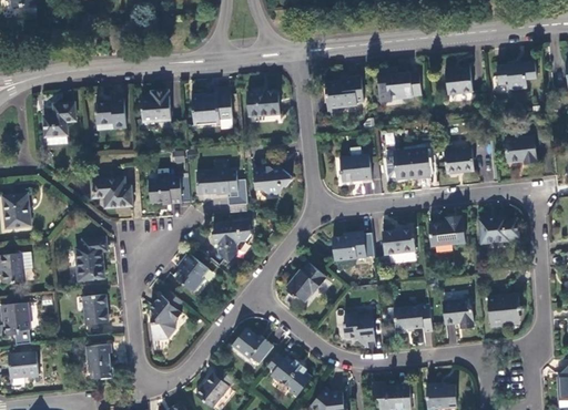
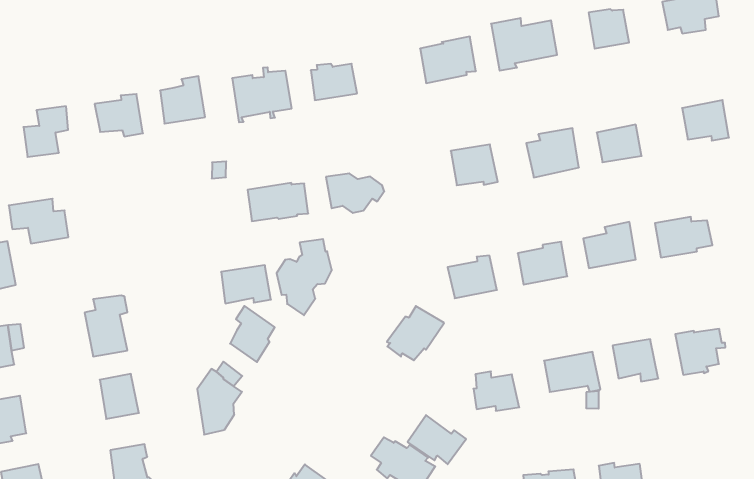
building: [91,178,131,208] -> [9,199,68,243]
building: [149,178,182,204] -> [221,265,271,303]
building: [231,328,272,363] -> [408,415,466,464]

